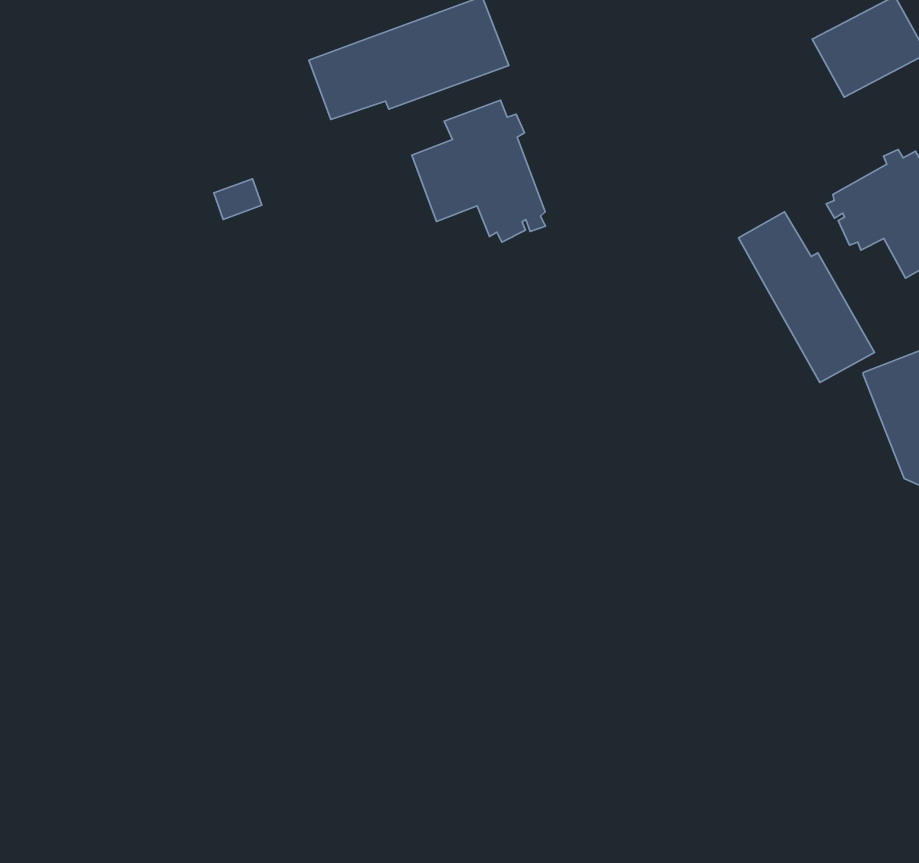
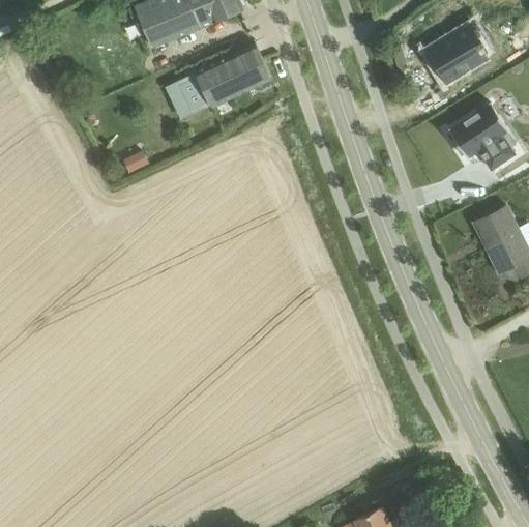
building: [412,100,545,242] -> none
building: [738,212,875,382] -> none

